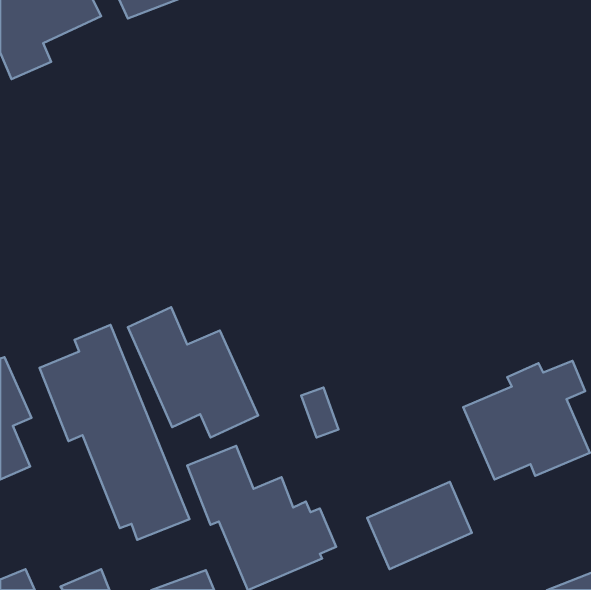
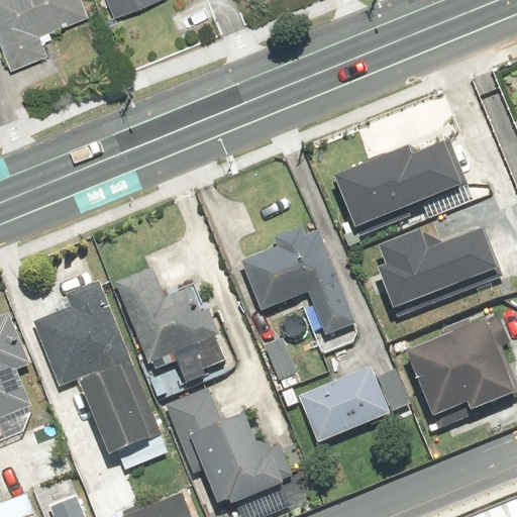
building: none -> [331,140,467,228]
building: none -> [240,225,355,335]
building: none -> [375,230,496,311]
building: [367,482,472,569] -> [298,367,389,442]

